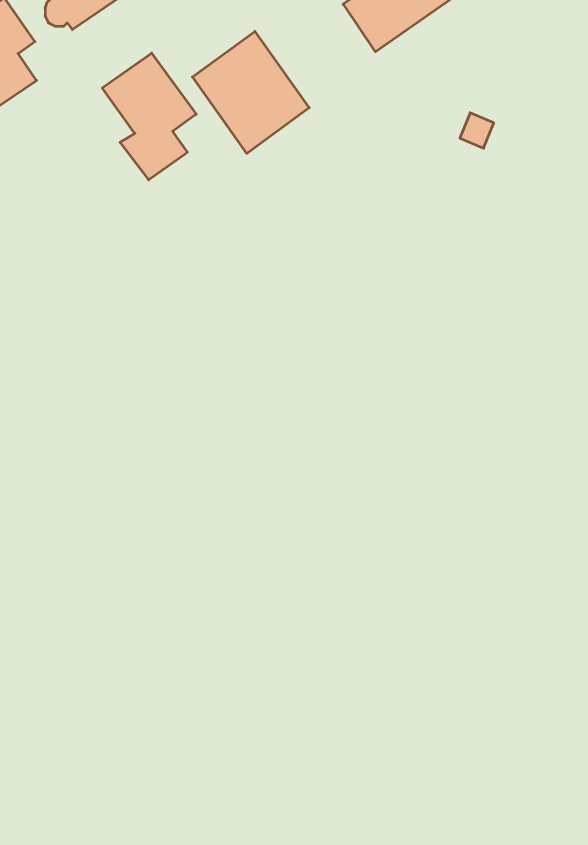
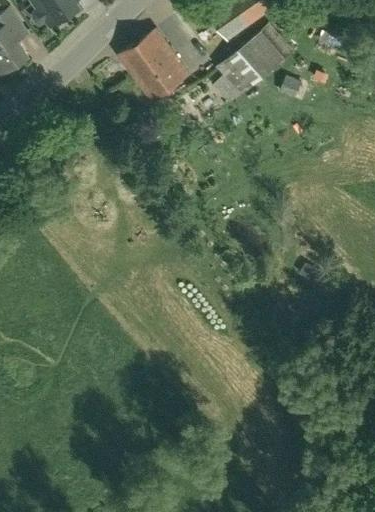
building: none -> [219,32,284,94]
building: [102,53,196,180] -> none

